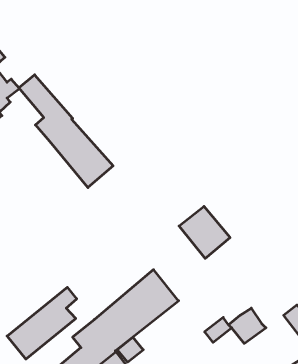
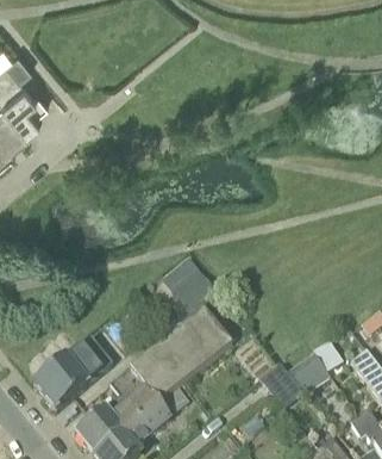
building: [19,75,113,188] -> none
building: [179,206,230,258] -> [161,260,219,320]

